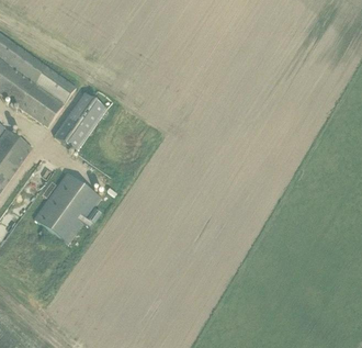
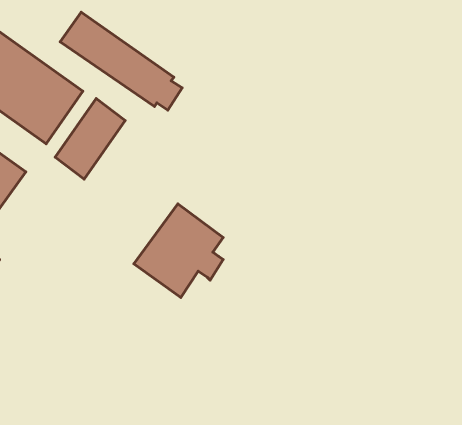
building: none -> [60,12,182,110]
building: [34,172,101,243] -> [134,204,223,298]

